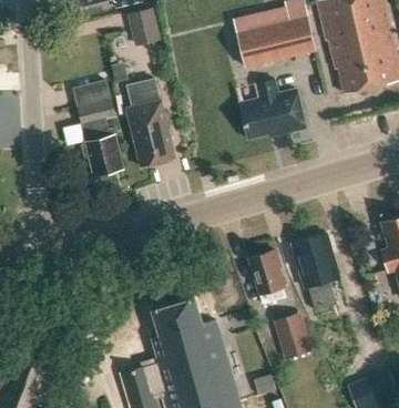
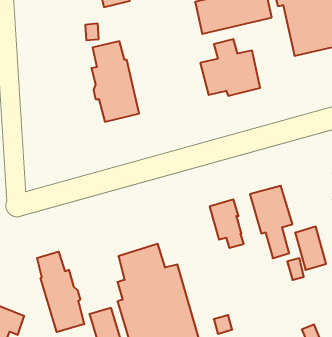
building: [73,80,123,176] -> none
building: none -> [37,252,84,332]
building: [277,312,310,358] -> [295,227,326,270]

